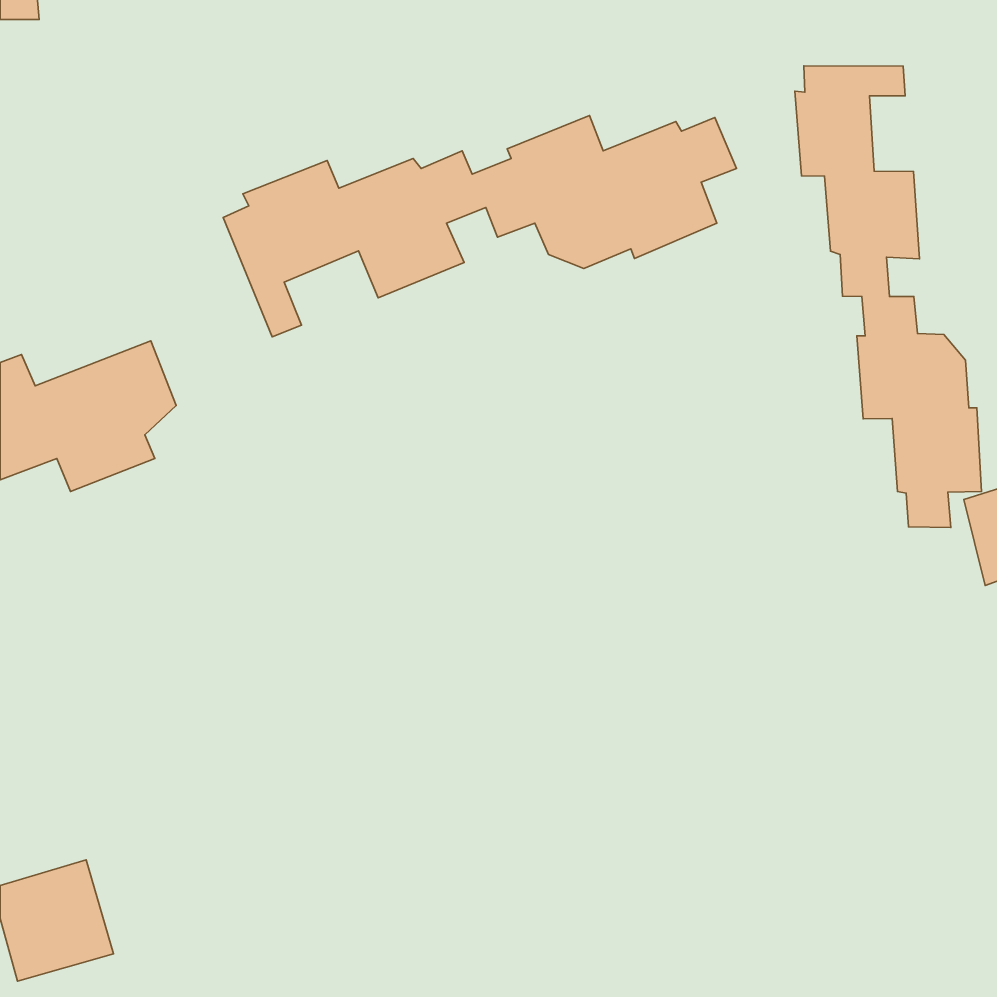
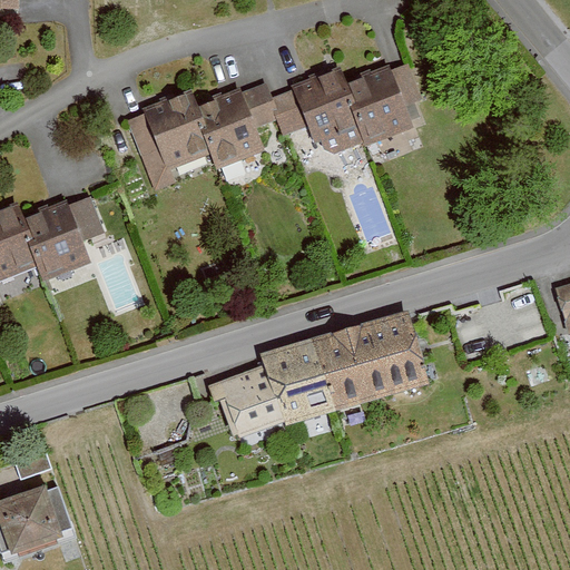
building: [795,66,982,528] -> none
building: none -> [205,307,425,433]

